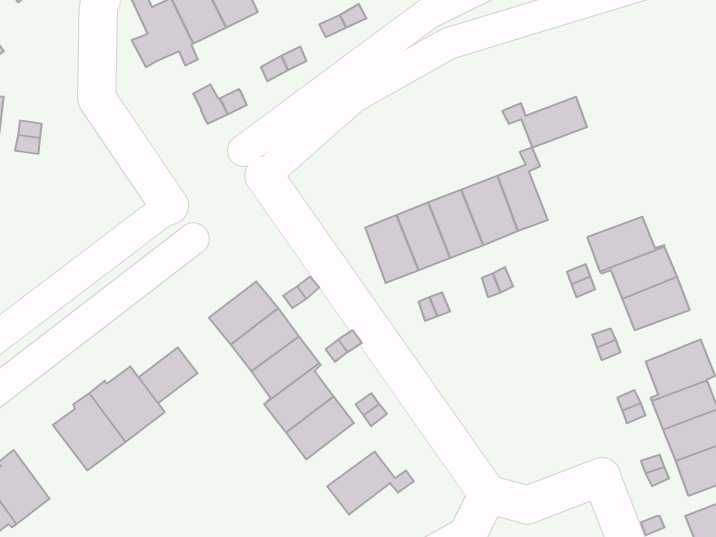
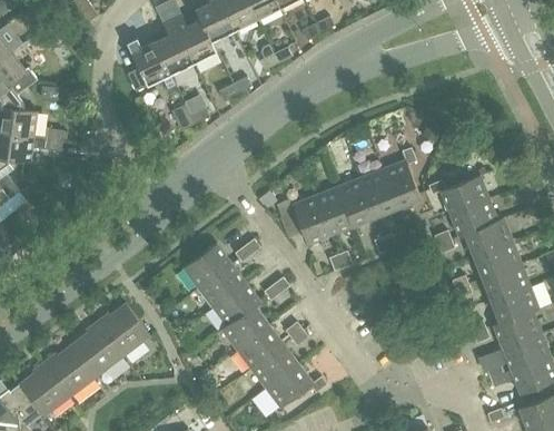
building: [502,97,587,147] -> [427,175,487,210]
building: none -> [482,262,528,298]
building: [138,347,198,403] -> none
building: none -> [250,342,298,386]
building: none -> [43,343,96,395]

